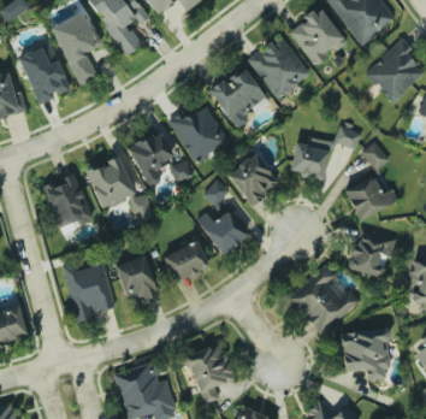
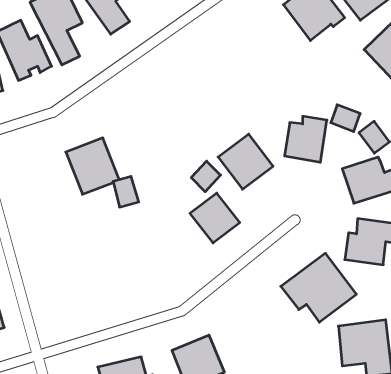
building: [247,39,310,99] -> none
building: [208,67,270,128] -> none
building: [171,102,230,164] -> none
building: [128,131,191,188] -> none
building: [42,175,93,231] -> none
building: [162,240,211,284] -> none
building: [113,253,158,305] -> none
building: [63,262,114,323] -> none

